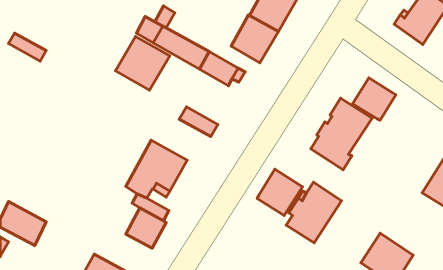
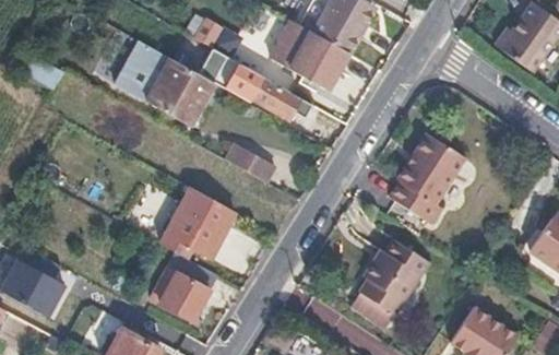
building: none -> [270,19,312,70]
building: none -> [115,39,171,100]
building: [353,78,396,120] -> none
building: [257,169,302,215] -> none

